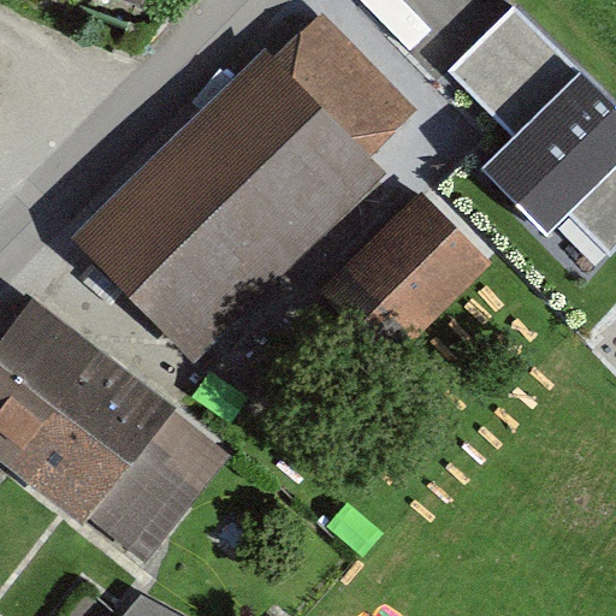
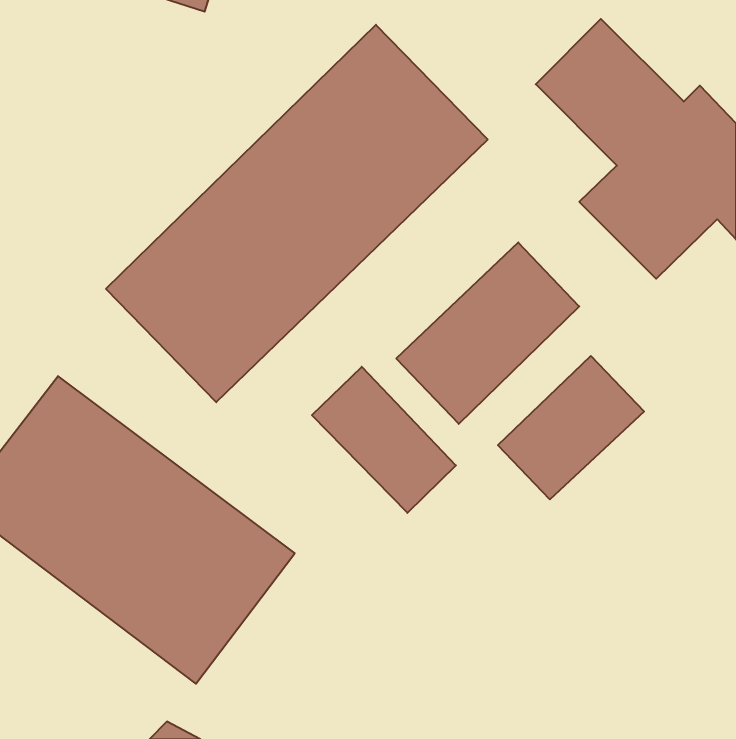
building: none -> [498,356,644,499]
building: none -> [312,367,456,513]

